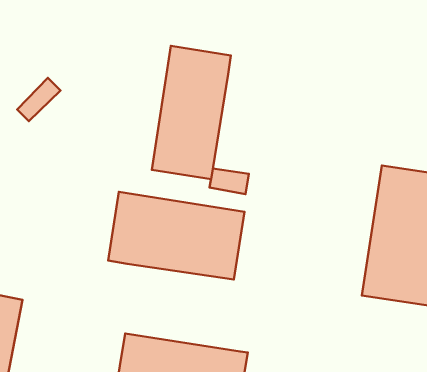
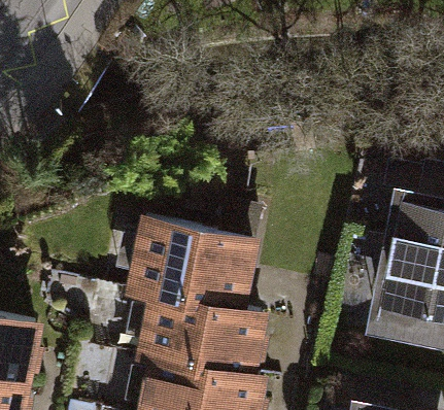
building: [152,46,231,179] -> none
building: none -> [129,293,261,378]

